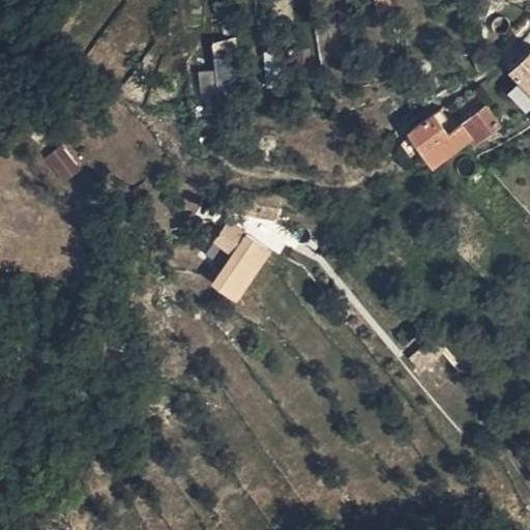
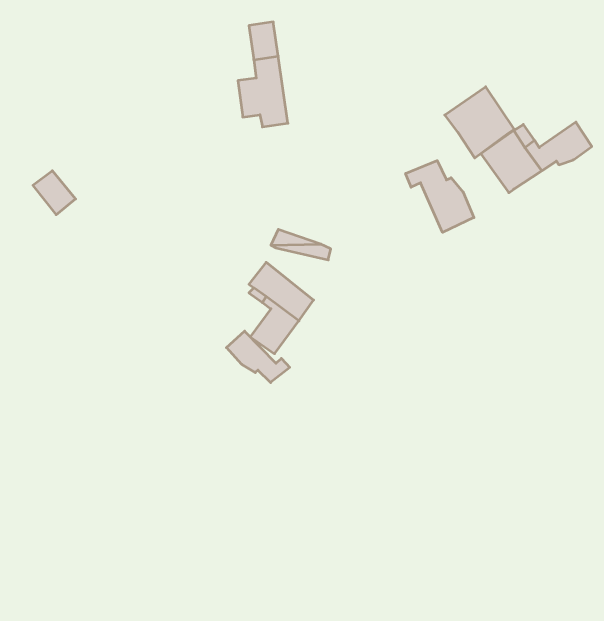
building: none -> [445,87,514,158]
building: none -> [406,161,474,232]
building: none -> [226,331,290,383]

